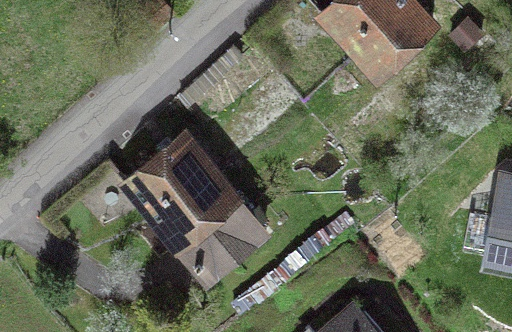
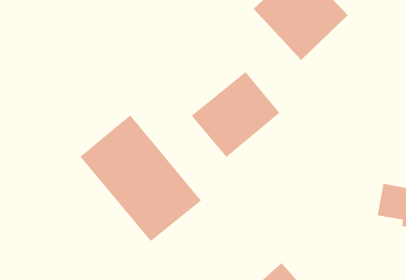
building: none -> [191,71,280,158]

